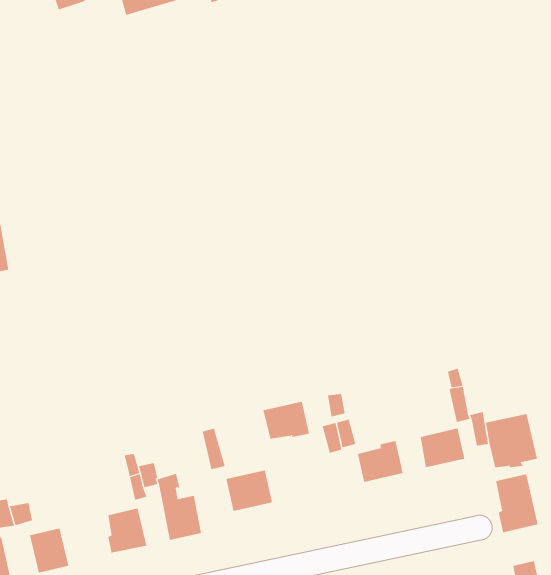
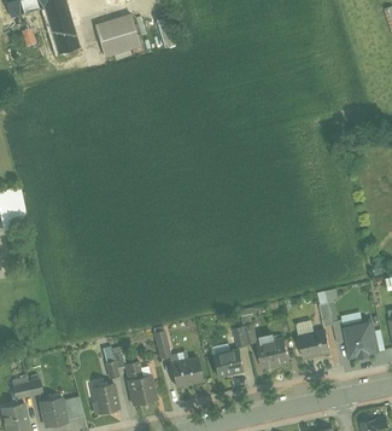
building: [263,401,310,439] -> [212,350,244,375]
building: [491,473,538,533] -> none

